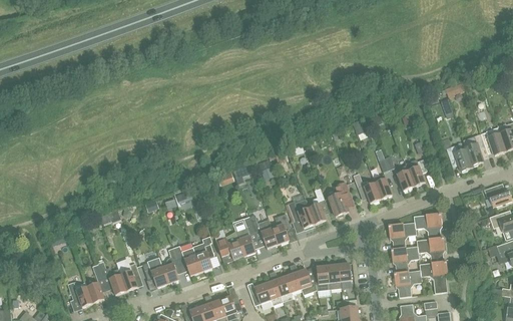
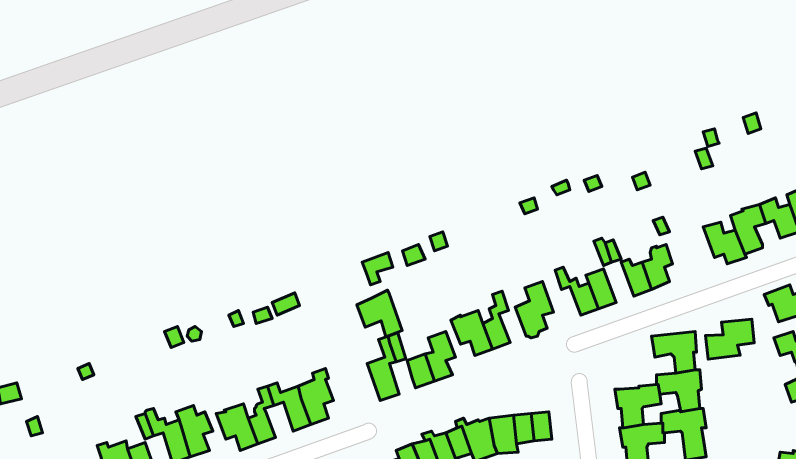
building: none -> [706,319,754,359]
building: [387,222,416,249] -> none
building: [215,231,243,260] -> [357,290,402,337]

